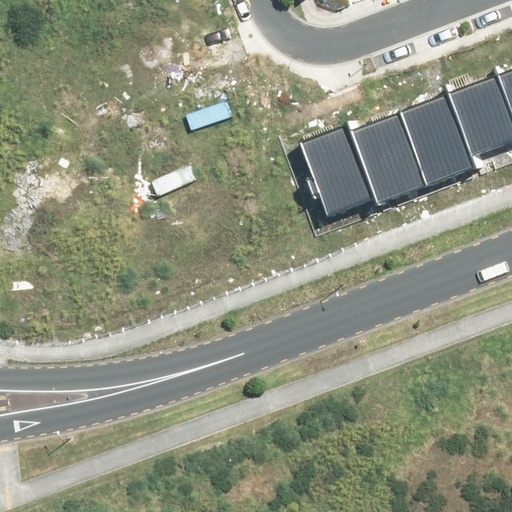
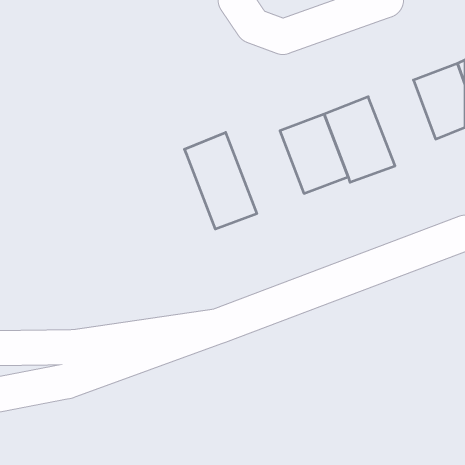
building: [400,93,477,186] -> none
building: none -> [184,132,257,229]

